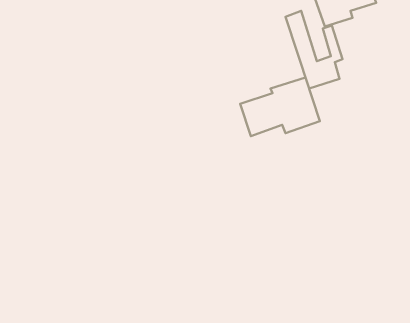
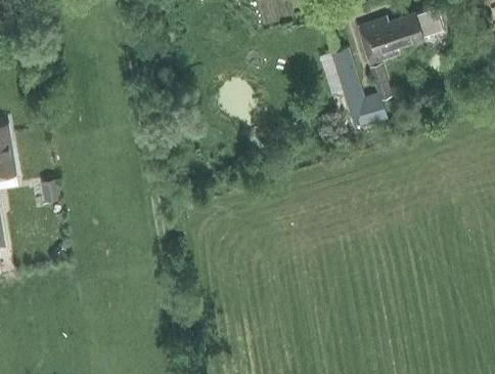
building: [240,78,320,136] -> none

